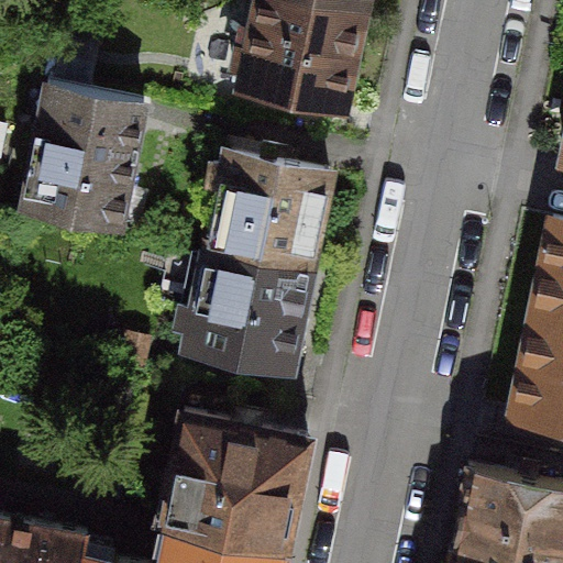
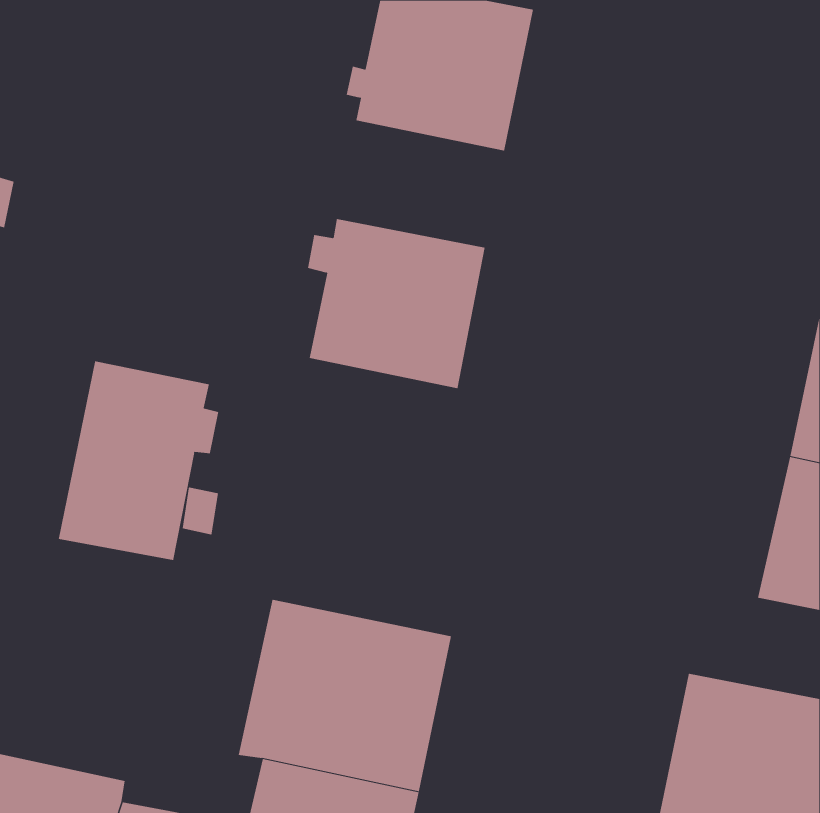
building: [25,82,146,231] -> none
building: [177,251,313,366] -> none
building: none -> [58,360,219,561]

